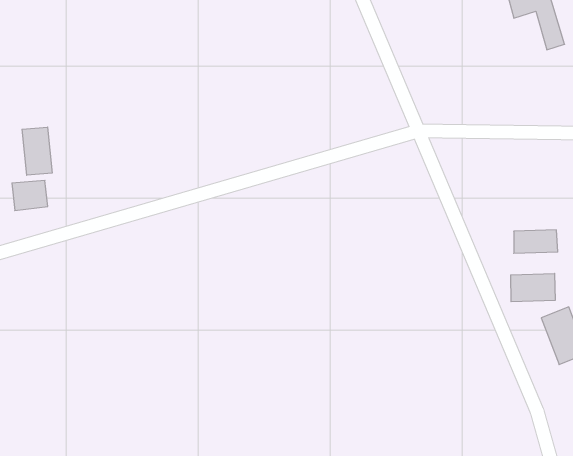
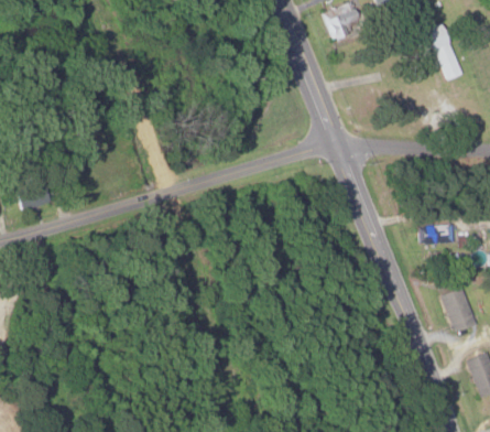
building: [22,127,52,175] -> none
building: [511,273,555,302] -> none

